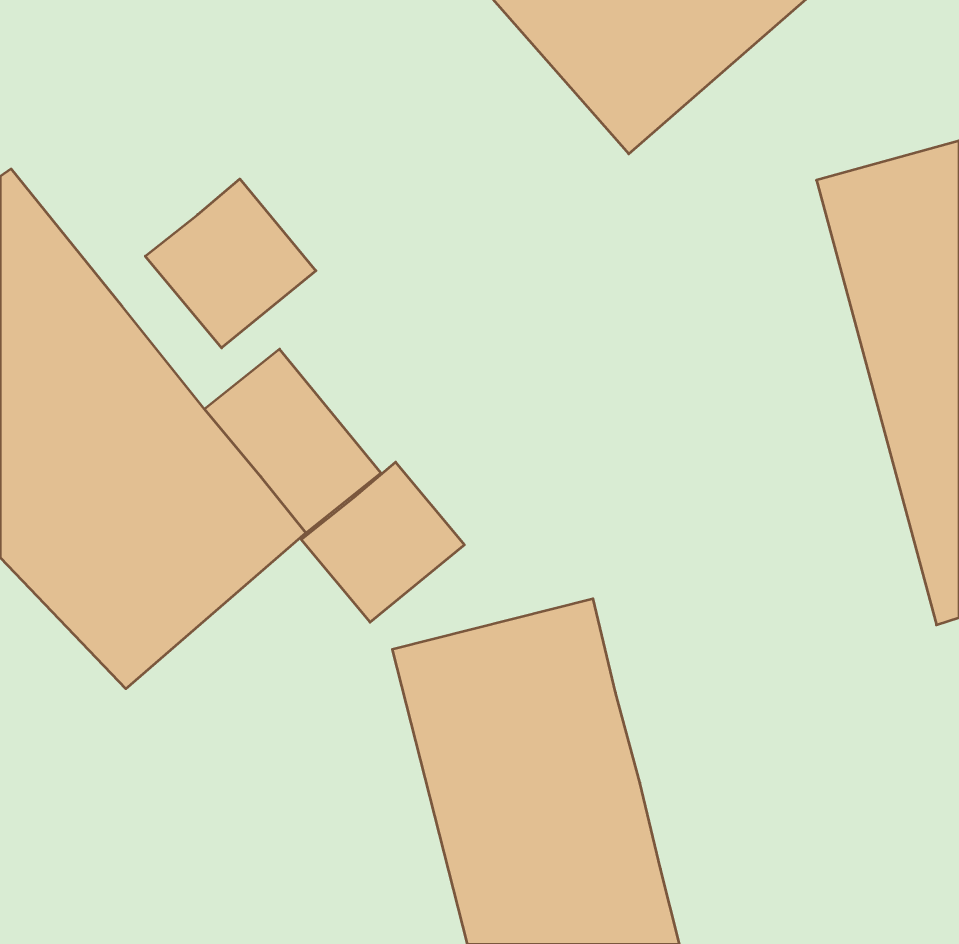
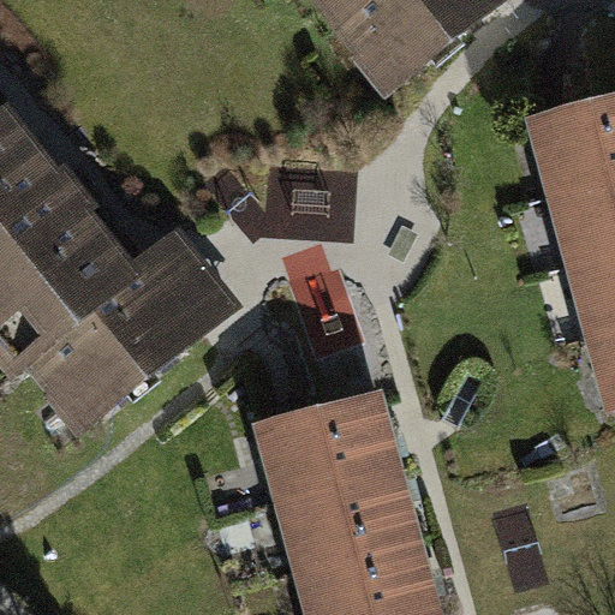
building: [145,179,316,348] -> none
building: [301,462,464,622] -> none

